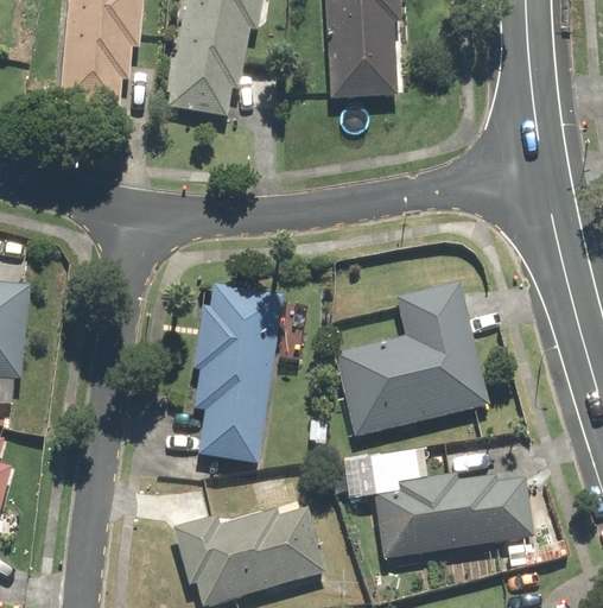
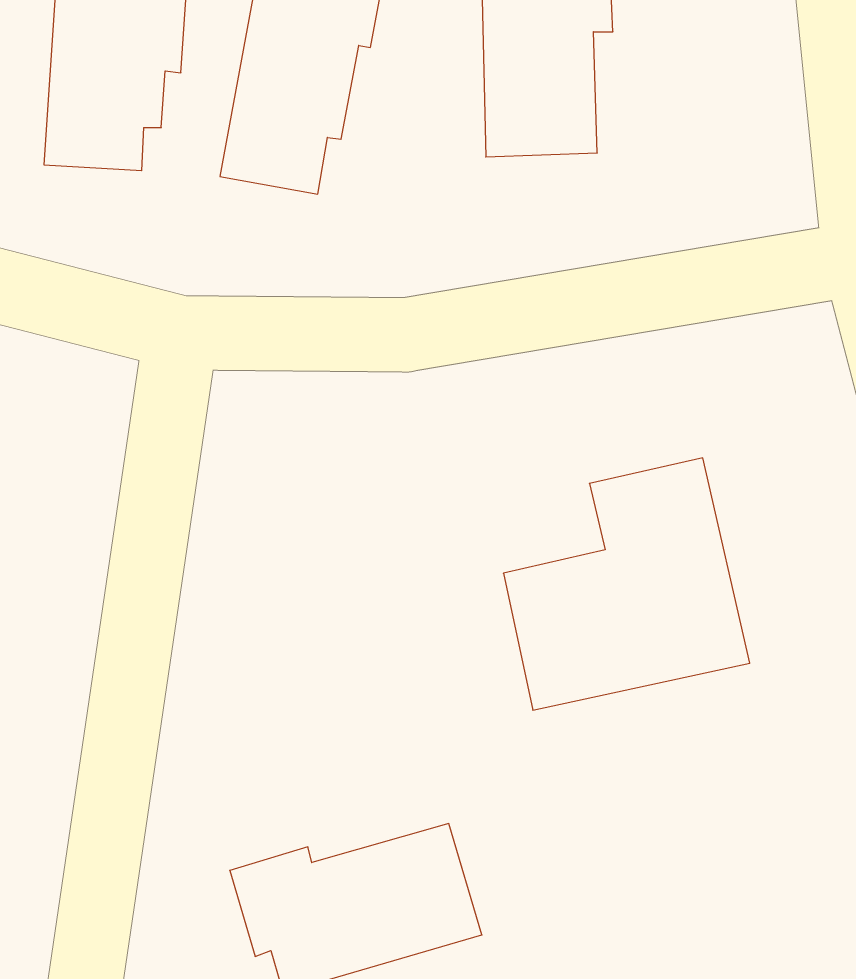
building: [189,283,281,467] -> none
building: [328,451,538,556] -> none

